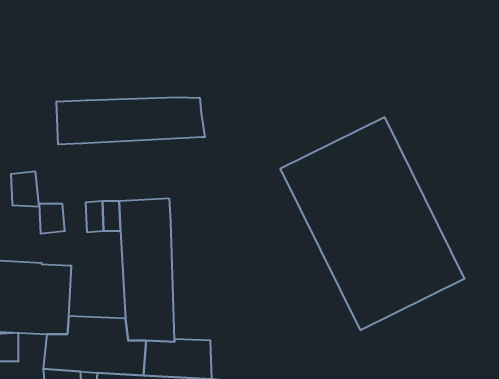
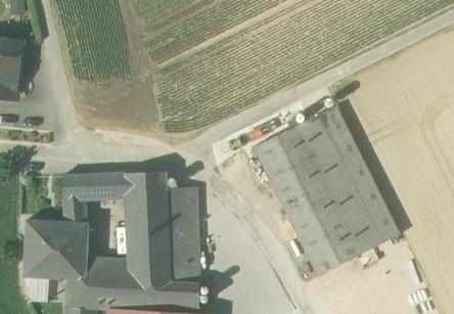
building: [57,97,205,144] -> none
building: [11,172,39,206] -> [63,195,86,223]
building: none -> [167,187,198,282]

